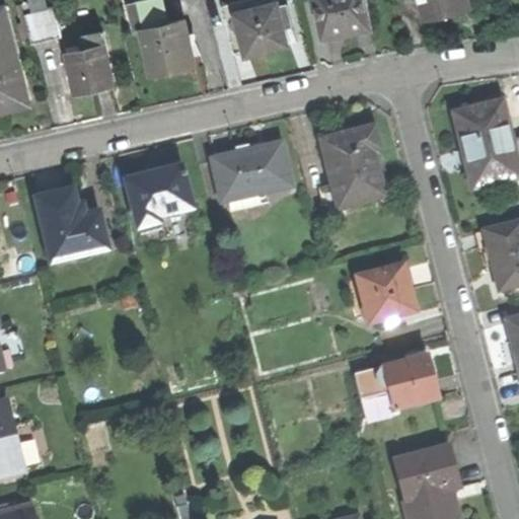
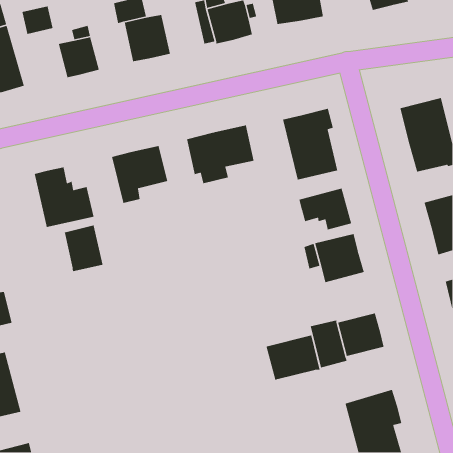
building: none -> [299,187,352,230]
building: none -> [63,225,103,272]
building: none -> [265,335,321,381]

